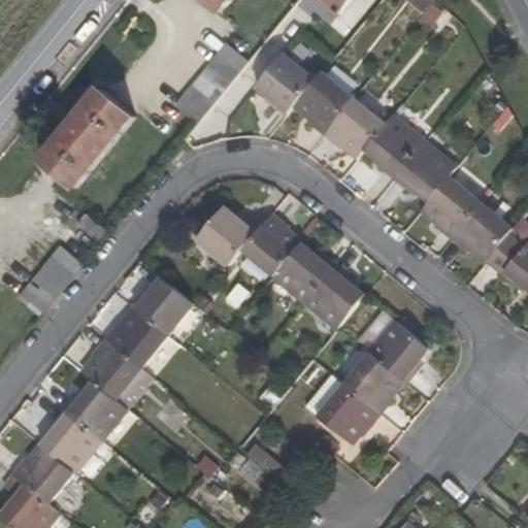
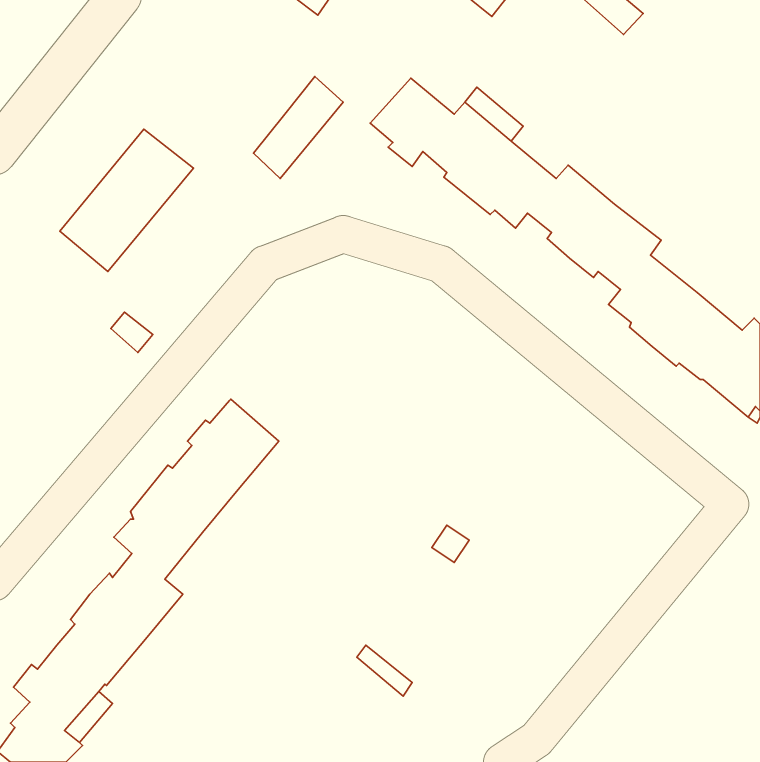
building: [196,204,363,327] -> none
building: [16,256,71,314] -> none
building: [317,319,427,443] -> none

